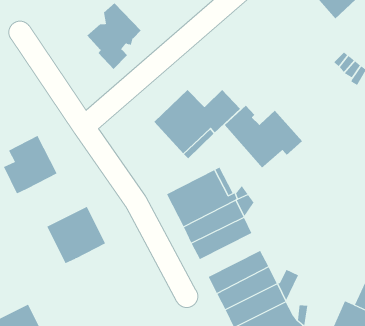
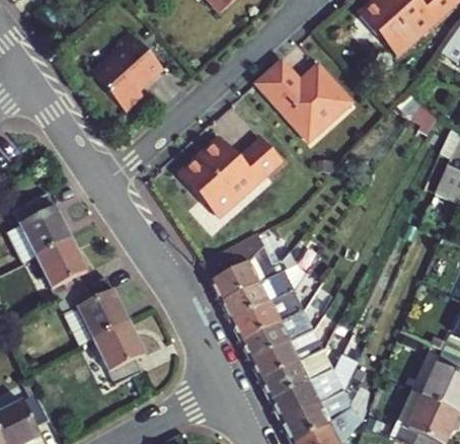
building: [224,105,303,169] -> [259,59,354,135]
building: none -> [33,238,85,301]
building: none -> [238,309,311,361]
building: none -> [91,321,143,384]

